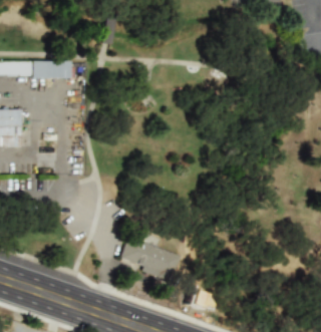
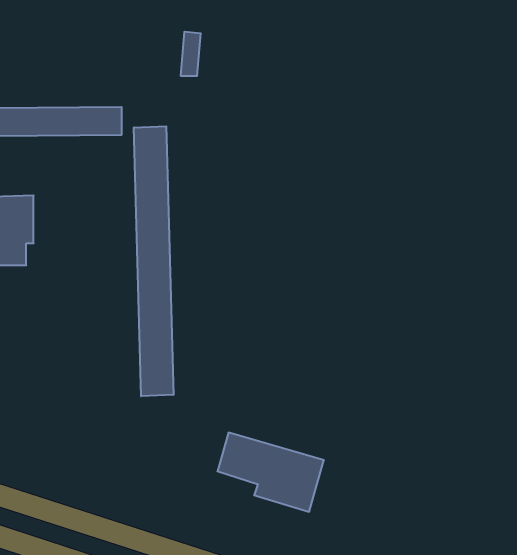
building: none -> [134,126,173,396]

